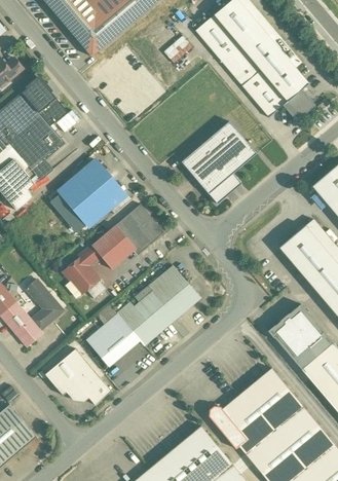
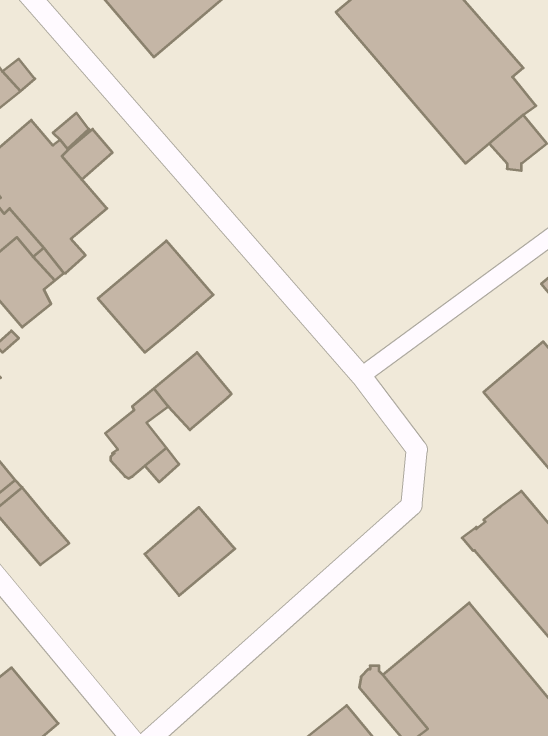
building: [182,121,257,203] -> none
building: [116,203,164,255] -> none
building: [117,266,200,345] -> none
building: [26,280,64,331] -> none
building: [45,346,114,404] -> none

